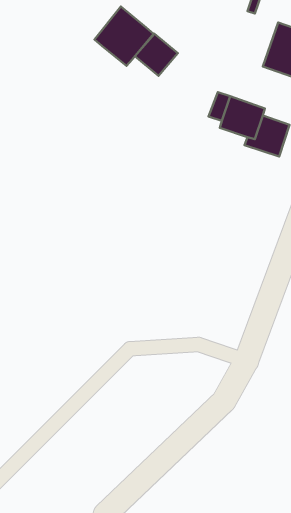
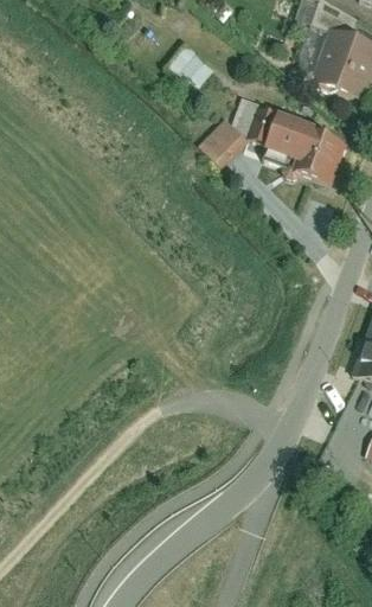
building: [95,7,153,66] -> none
building: none -> [201,116,249,164]

